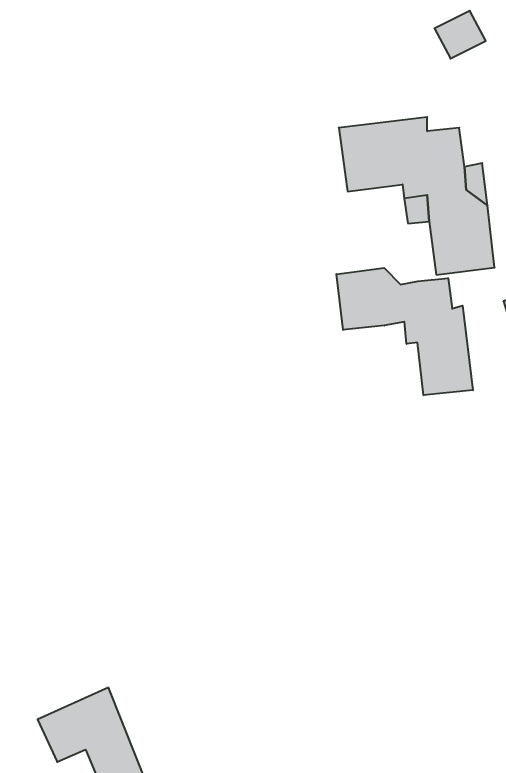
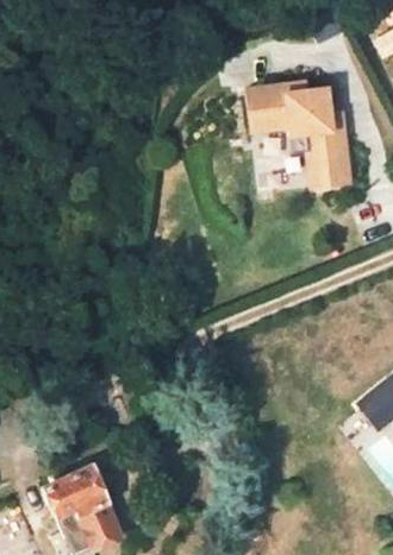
building: [336,268,473,395] -> none

